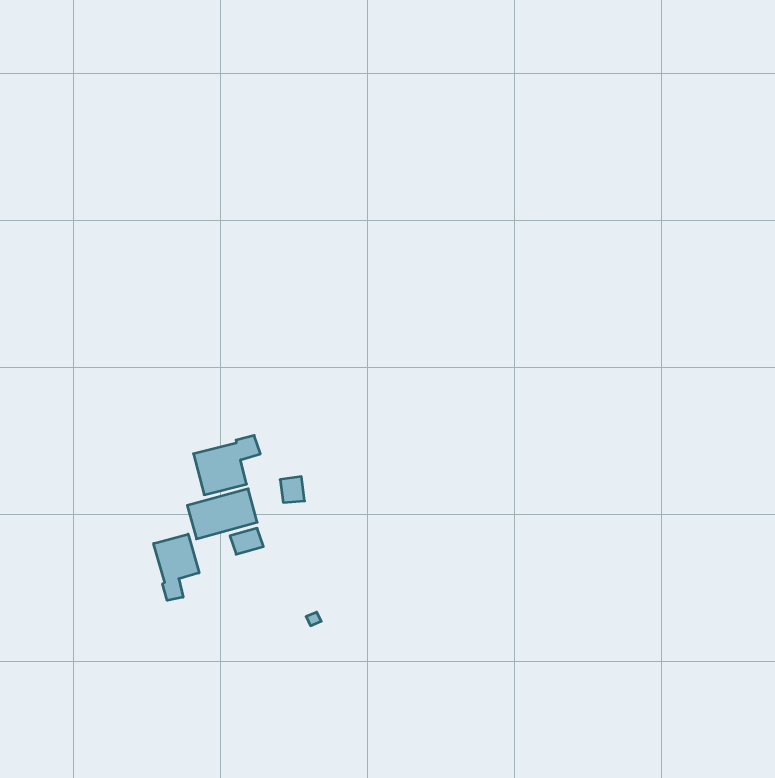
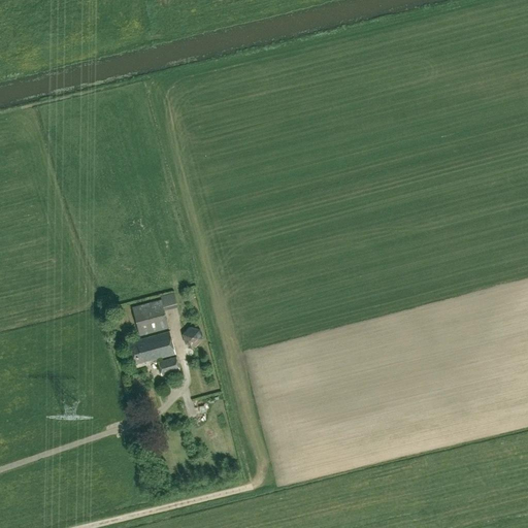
building: [154,534,199,600] -> none

